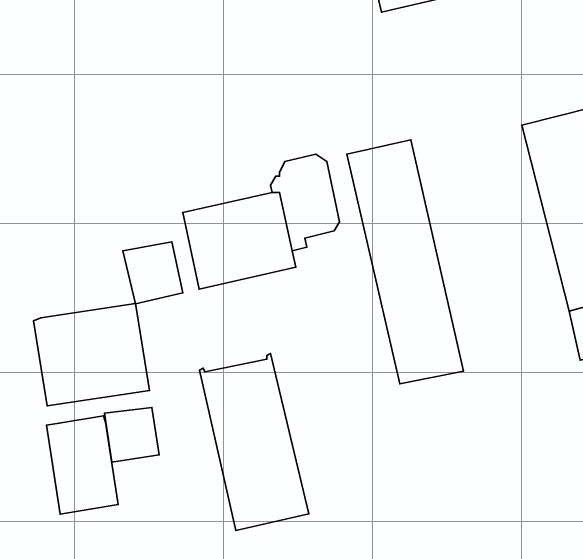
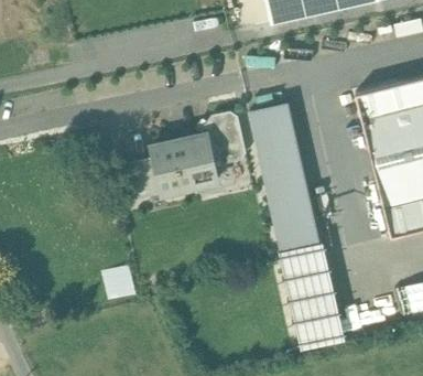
building: [34,303,150,406] -> none
building: [199,354,309,530] -> [279,241,345,348]
building: [47,416,118,514] -> none

